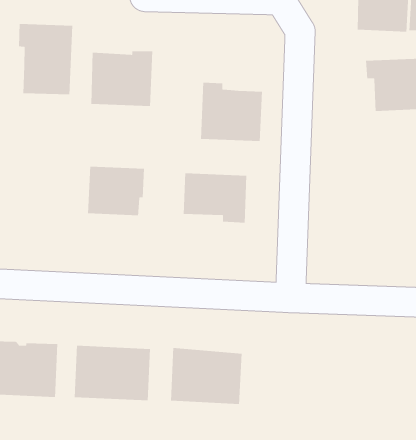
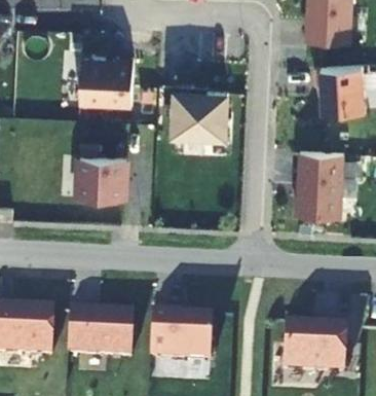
building: [18,23,73,95] -> none
building: none -> [297,150,344,217]
building: [183,173,247,223] -> none
building: none -> [280,320,345,372]

